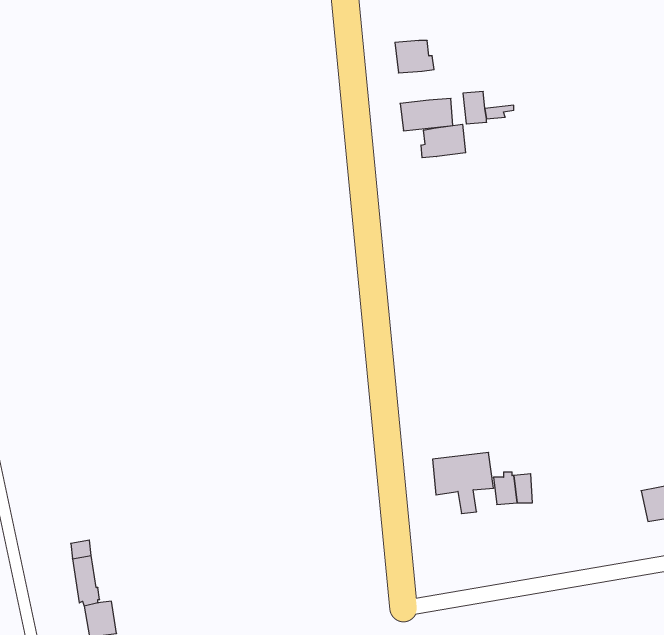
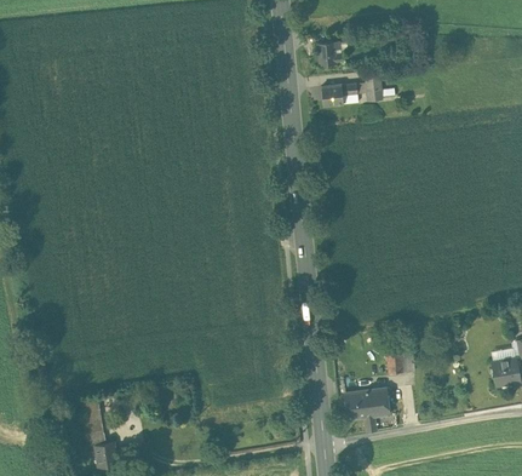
building: [421,124,466,158] -> none
building: [433,452,494,514] -> [344,389,388,432]

